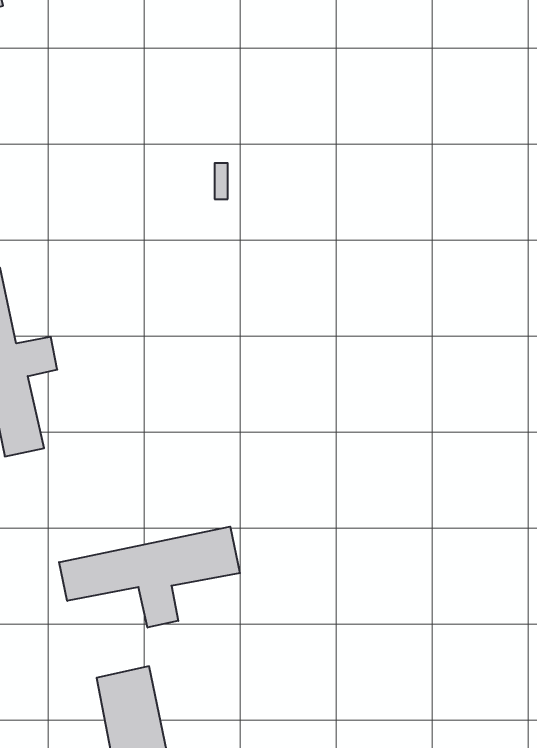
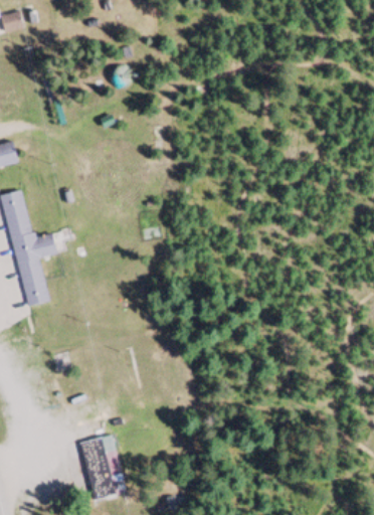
building: [59,527,240,628] -> none

